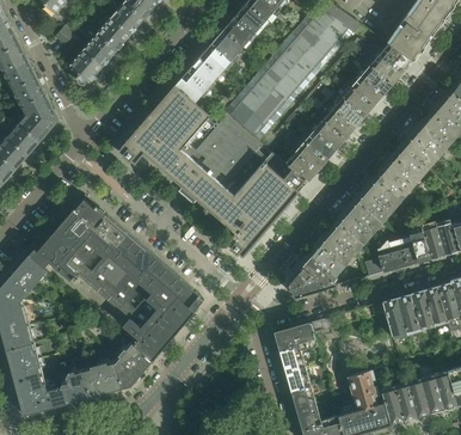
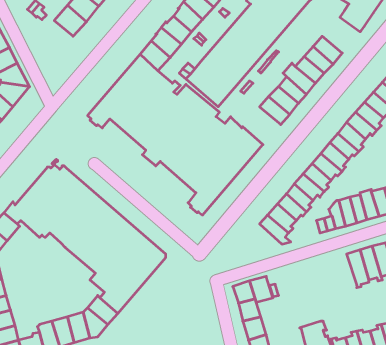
building: [370,43,411,82] -> none
building: [69,48,104,84] -> none
building: [285,140,326,180] -> none
building: [288,265,327,296] -> none
building: [382,298,407,338] -> none

